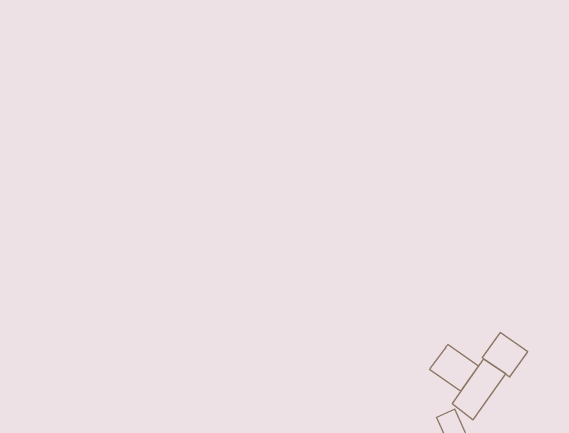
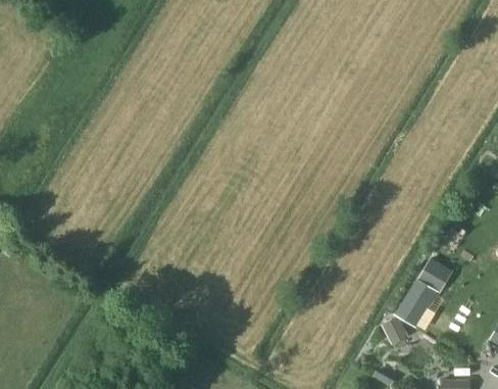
building: [430,344,479,391] -> none

